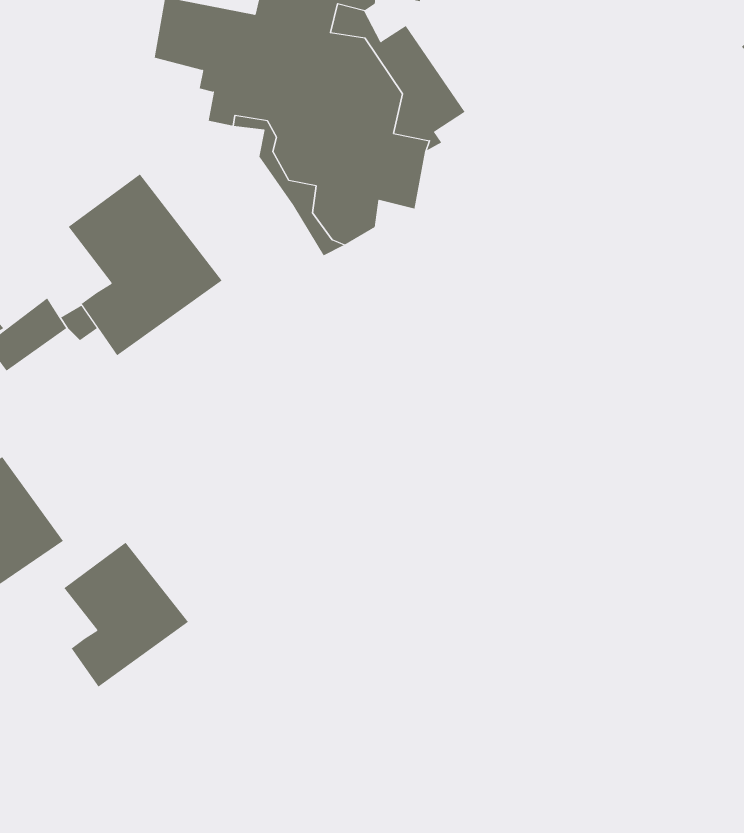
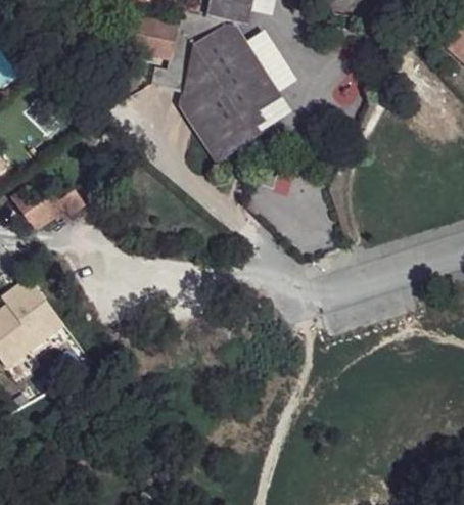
building: [68,173,222,356] -> none
building: [64,542,189,687] -> none

